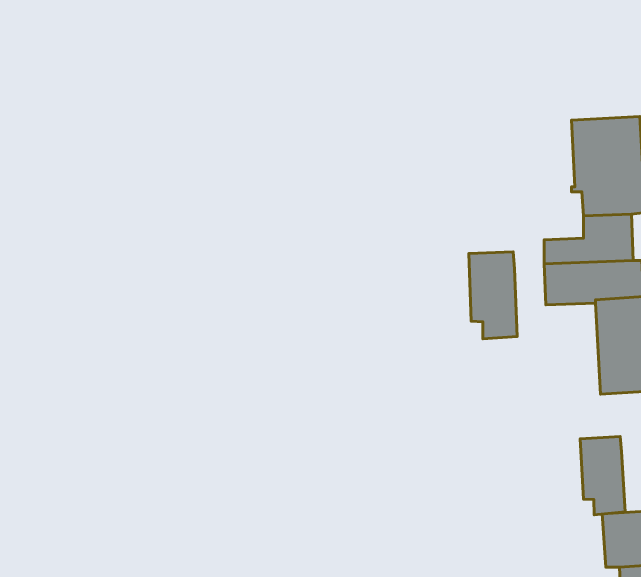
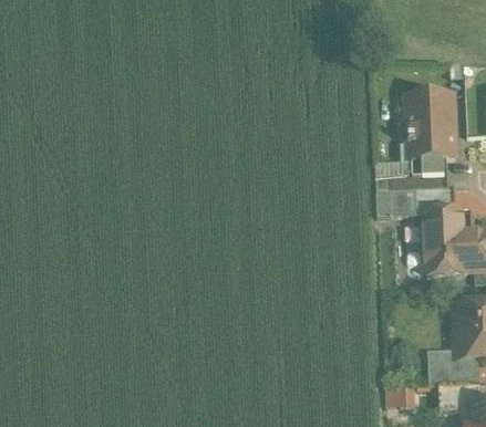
building: [469,252,517,339] -> none
building: [580,437,625,515] -> none

